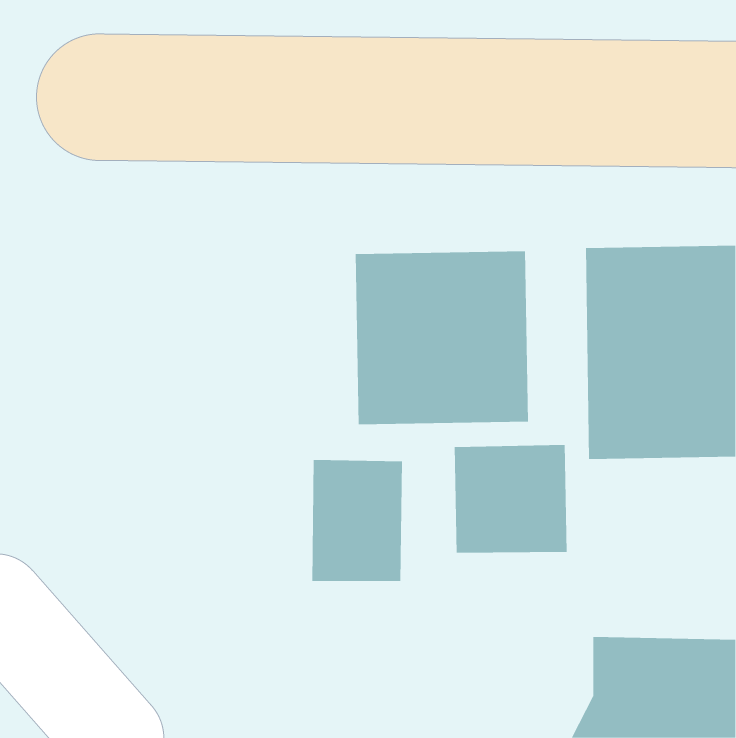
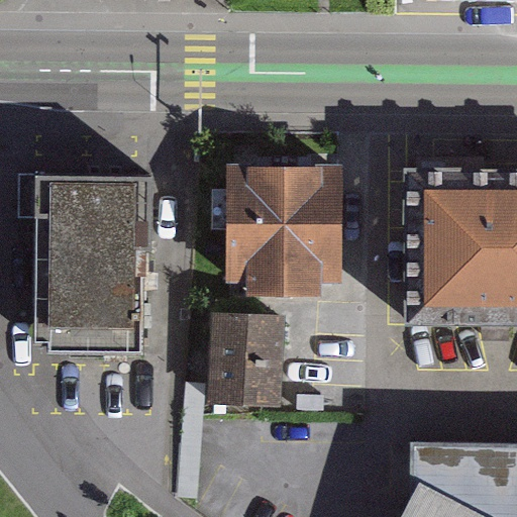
building: none -> [30,173,146,347]
building: [454,444,567,554] -> none

